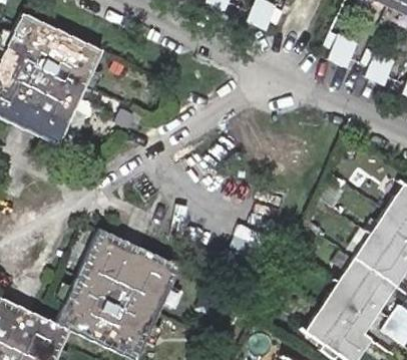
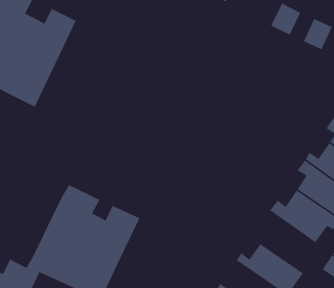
building: [312,262,373,331] -> none

